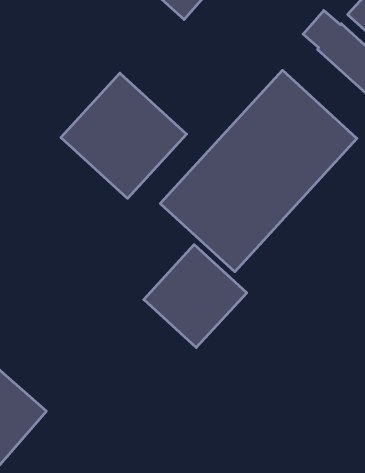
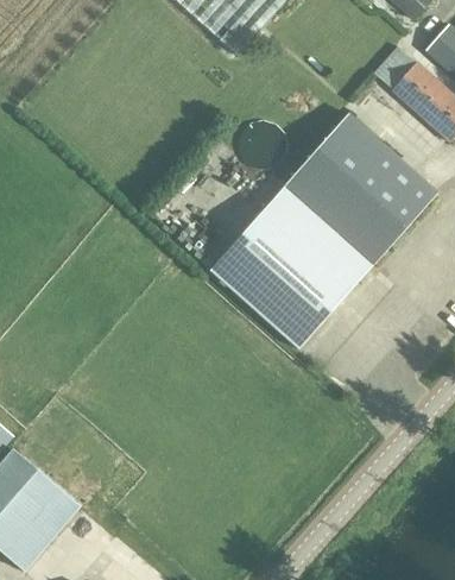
building: [61,73,187,198] -> none
building: [144,245,247,348] -> none

